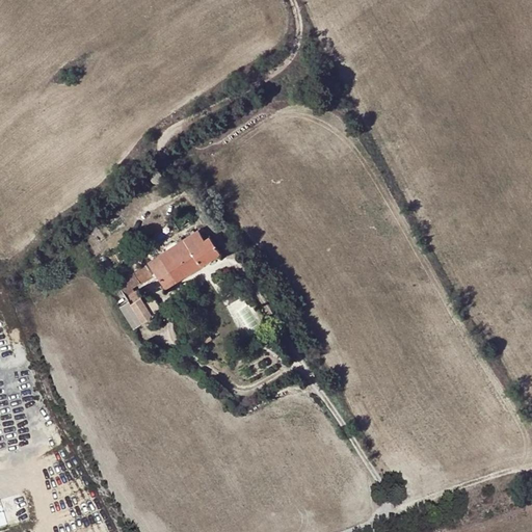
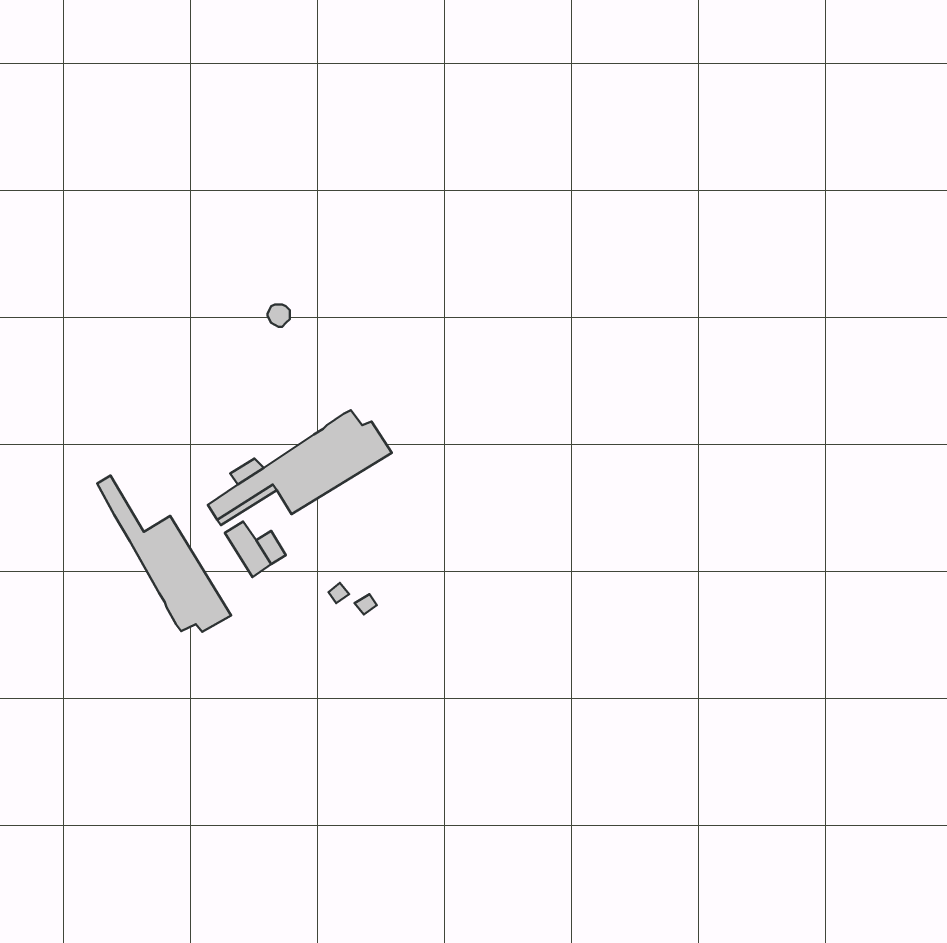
building: none -> [97,475,231,632]

